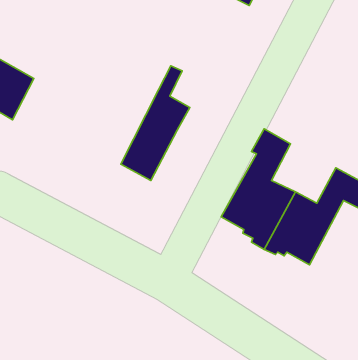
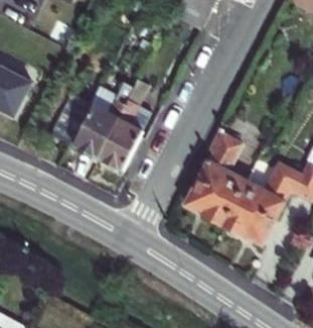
building: none -> [55,88,134,155]

